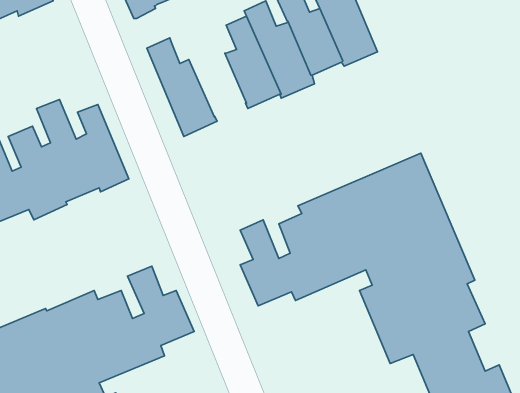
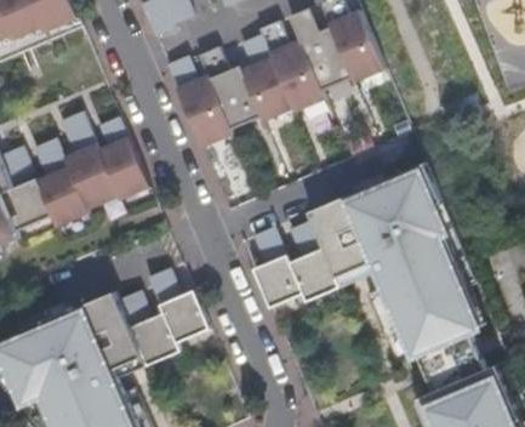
building: none -> [196,46,259,130]

